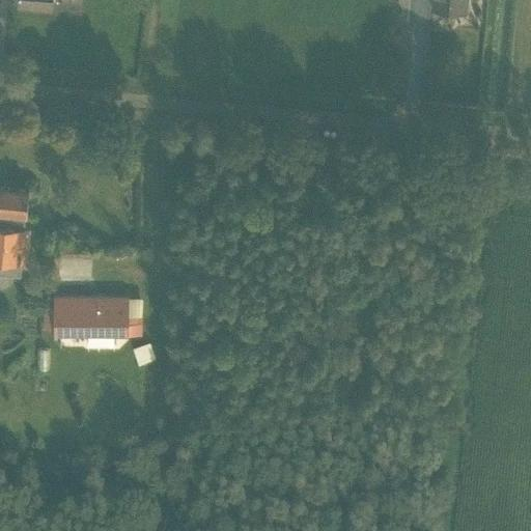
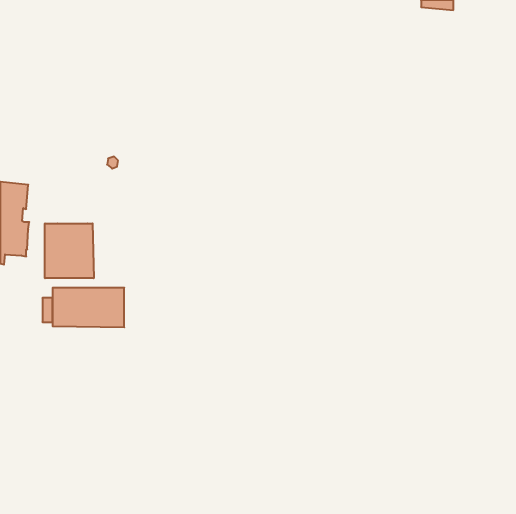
building: none -> [45,223,94,278]

